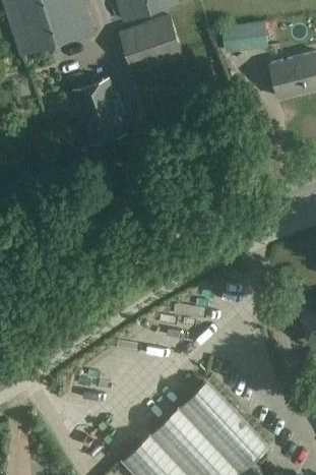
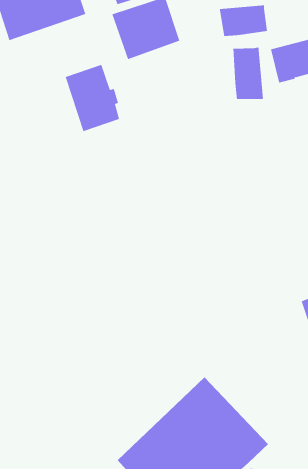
building: none -> [233,47,264,100]

